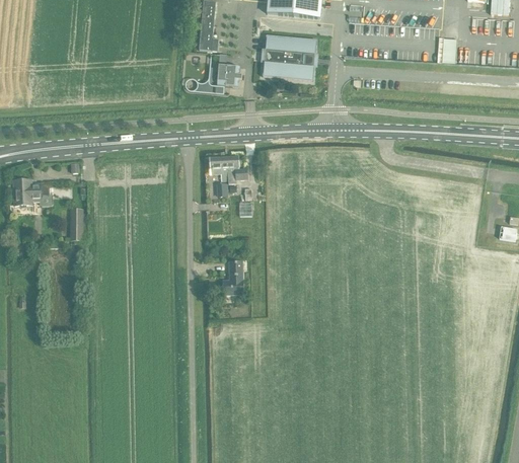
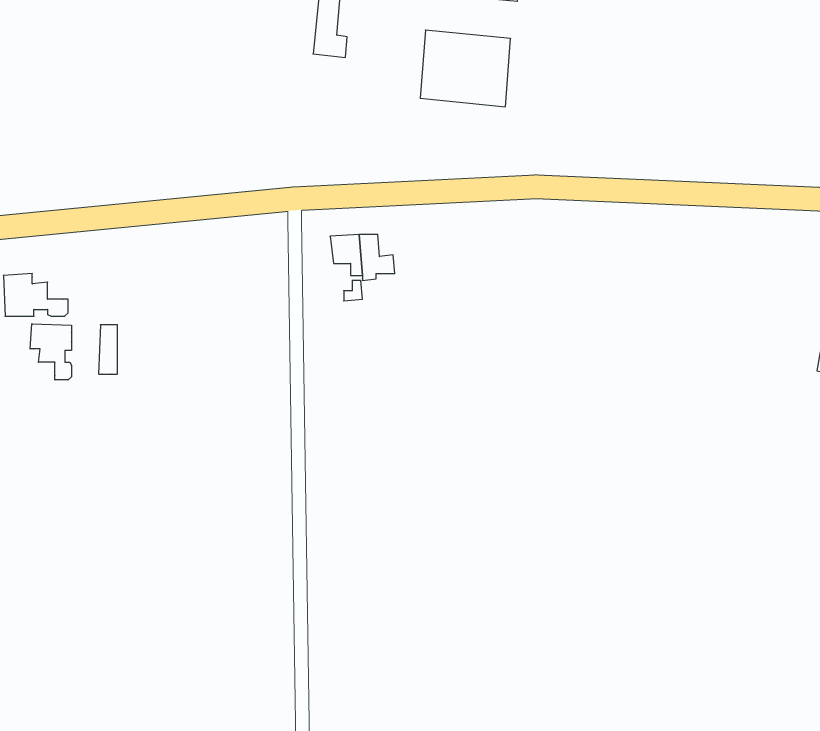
building: [216,63,241,85] -> none
building: none -> [30,324,71,380]
building: [222,260,242,294] -> none

